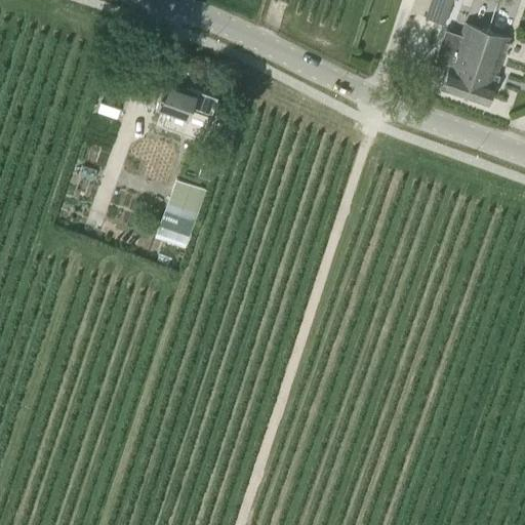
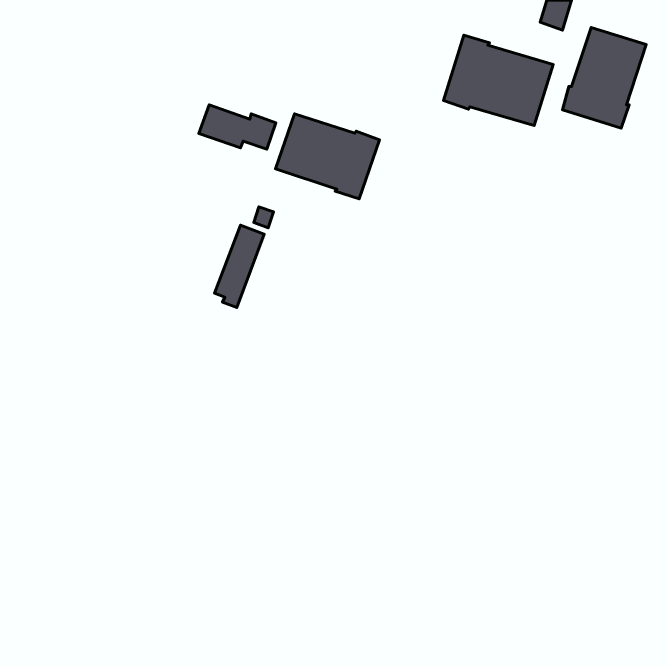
building: none -> [444,35,553,125]
building: none -> [276,114,380,199]

